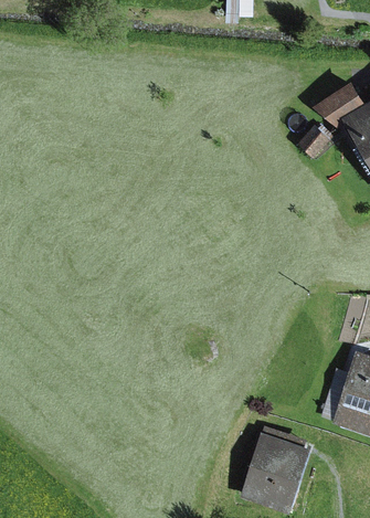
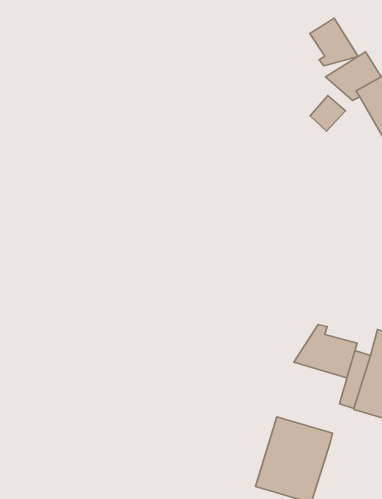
building: none -> [310,18,358,66]
building: none -> [294,325,357,378]

